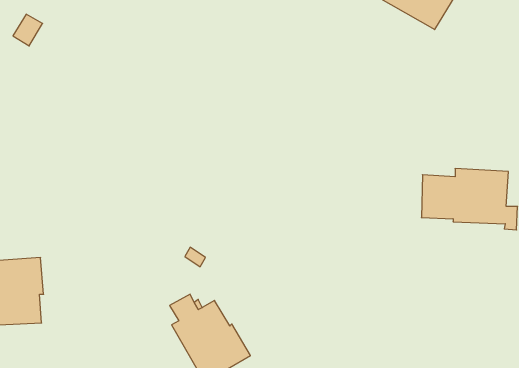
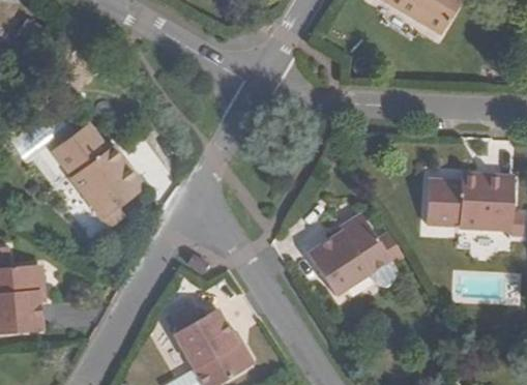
building: none -> [52,123,145,218]
building: none -> [308,215,389,295]

